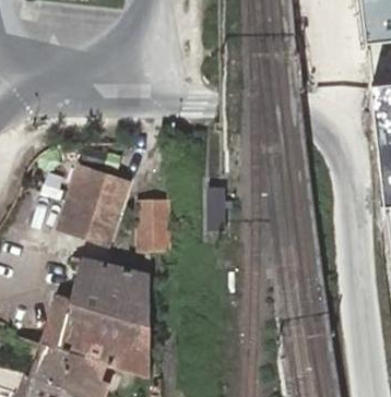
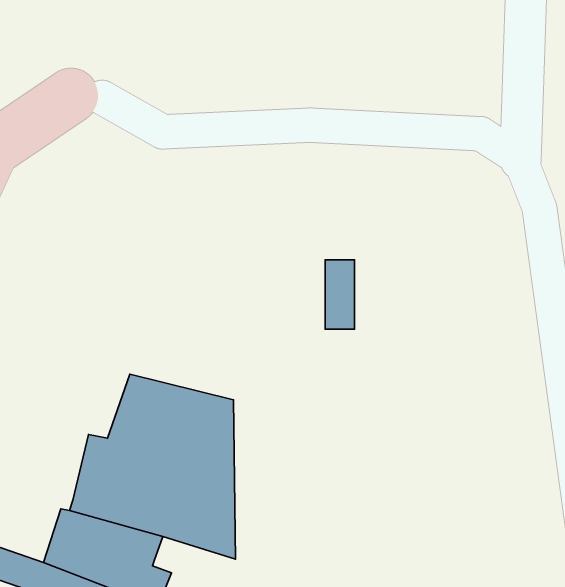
building: [60,169,128,244] -> none
building: [138,201,167,252] -> none

